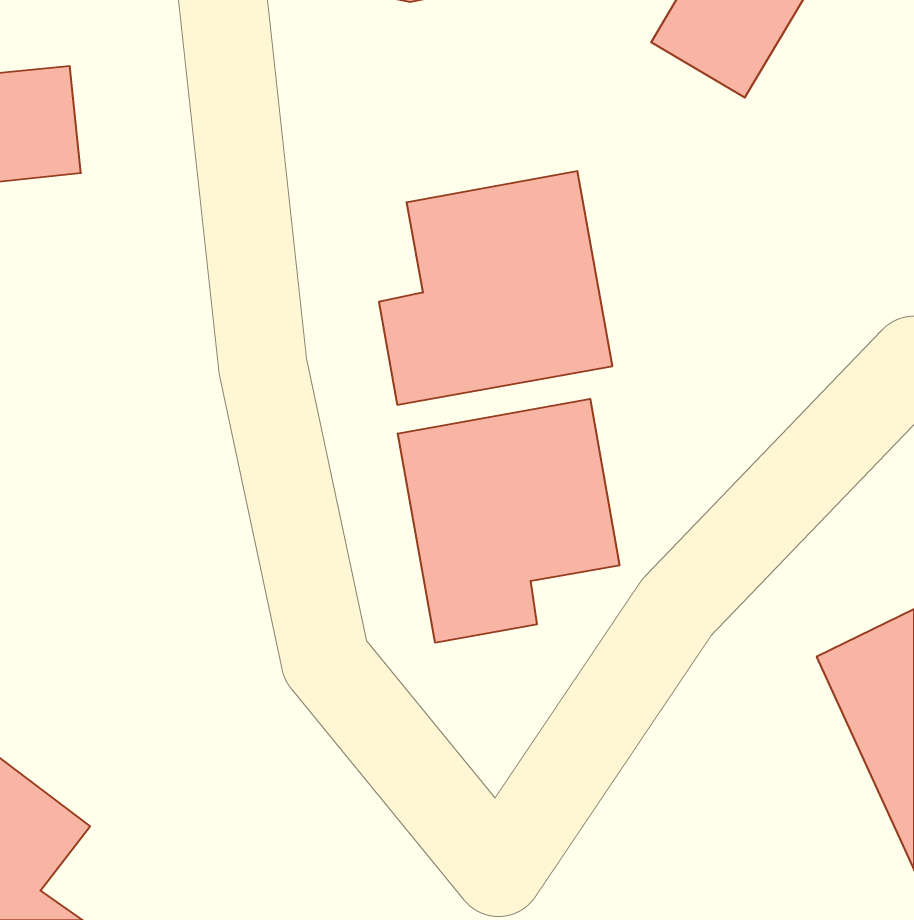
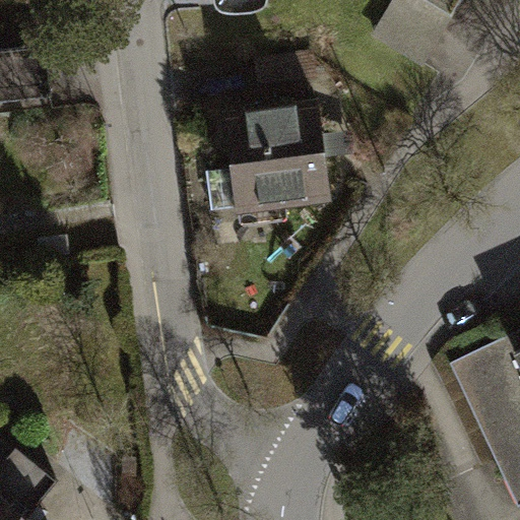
building: [398,399,619,643] -> none

